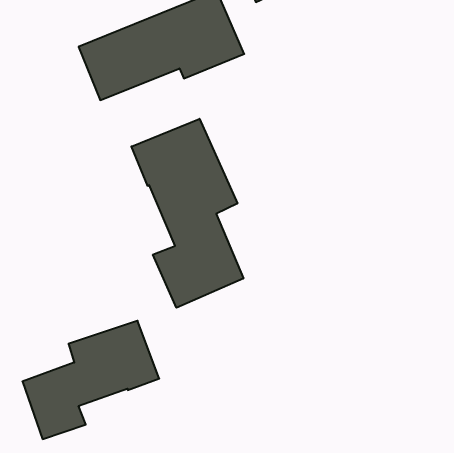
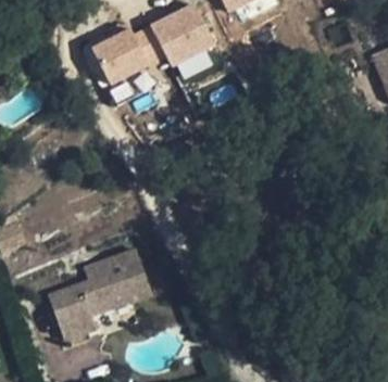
building: [131,119,243,308] -> none

